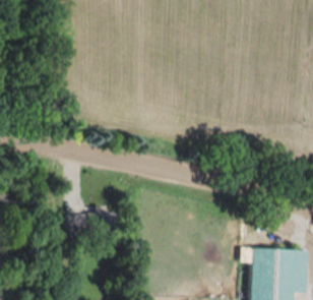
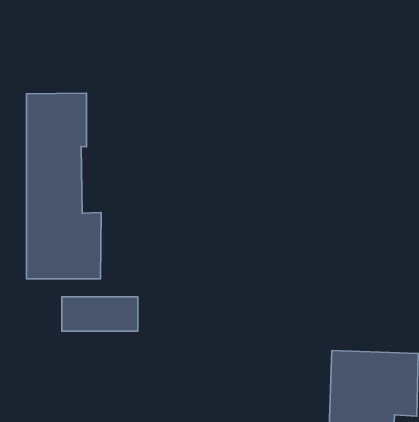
building: none -> [26,93,101,279]

